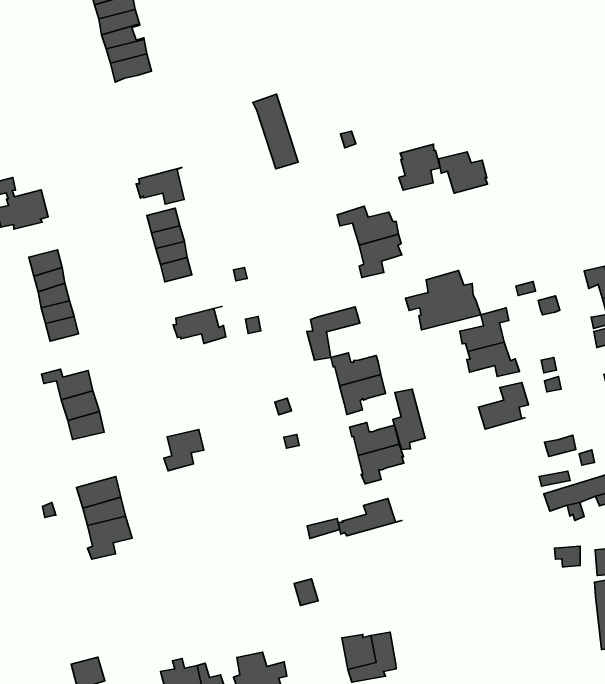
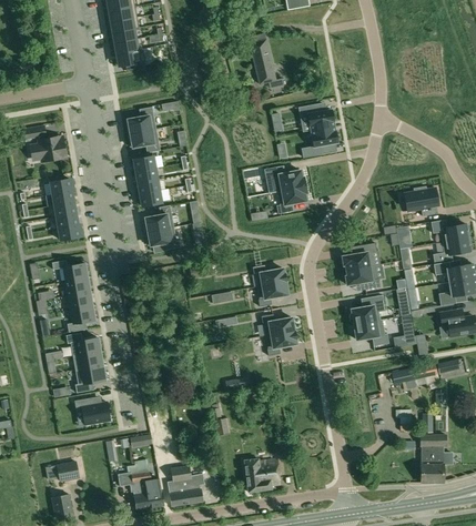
building: [253,94,298,169] -> [249,33,276,84]
building: none -> [126,108,161,134]
building: [439,152,487,193] -> [303,103,335,131]
building: none -> [404,186,439,212]
building: [405,270,481,330] -> none
building: none -> [144,205,174,232]
building: [307,307,360,360] -> none
building: [393,389,425,450] -> none
building: none -> [355,320,389,346]
building: [164,429,204,471] -> [68,306,95,333]
building: [338,499,402,536] -> none
building: none -> [75,398,111,425]

